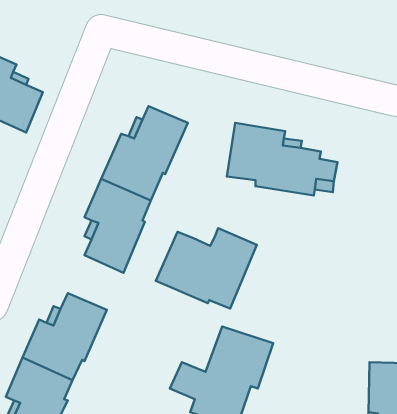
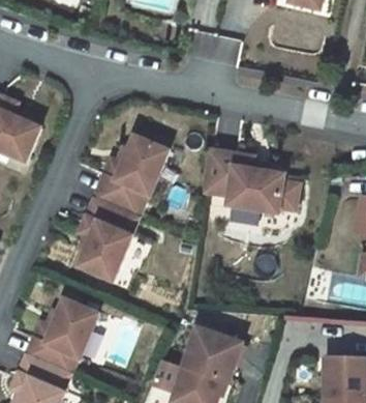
building: [156,228,257,308] -> none

